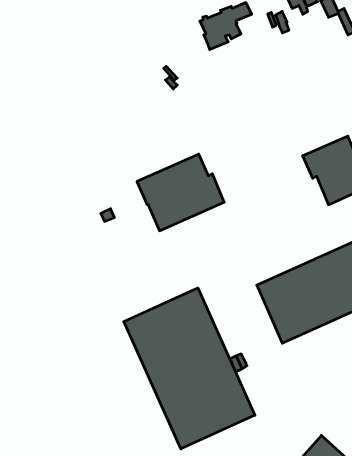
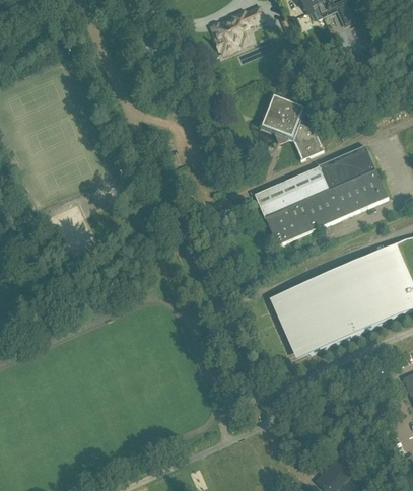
building: none -> [261,95,324,159]
building: [137,154,224,231] -> [255,165,345,244]
building: [124,288,255,449] -> none

